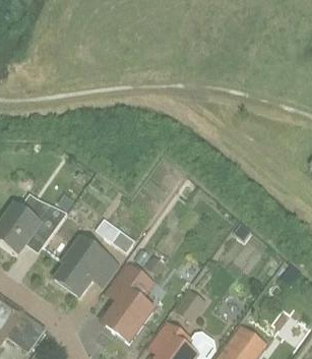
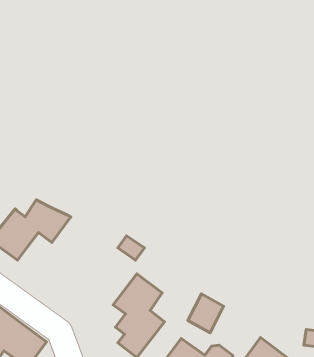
building: [56,238,116,296] -> none

